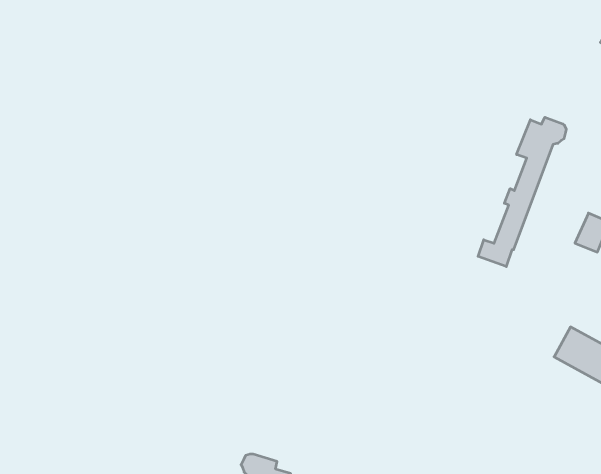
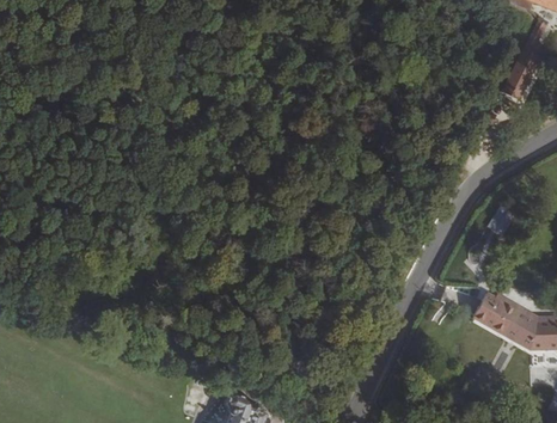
building: [478,117,566,267] -> none

